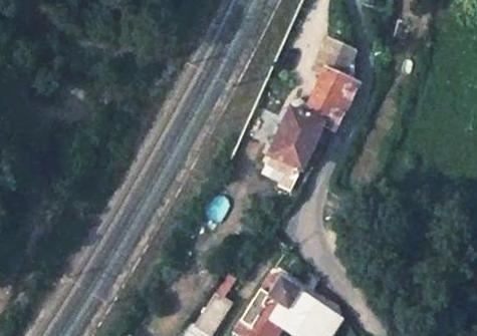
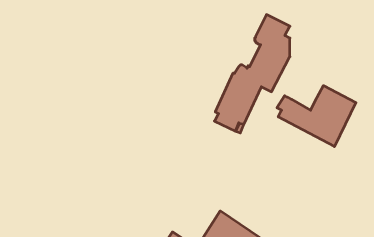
building: none -> [277,86,356,147]

